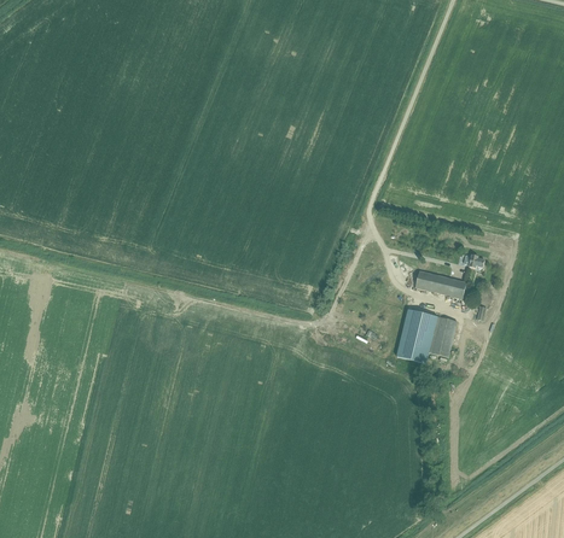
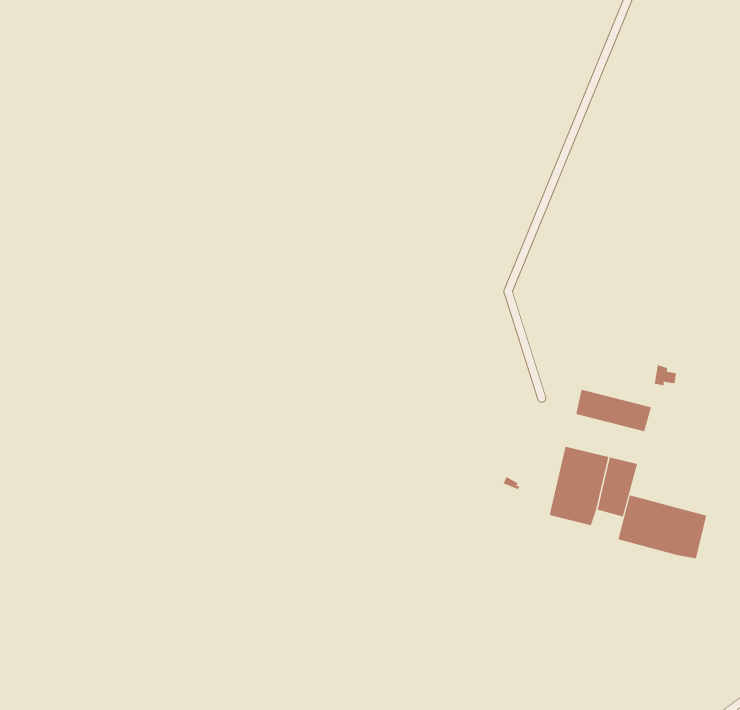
building: none -> [618,494,707,559]

